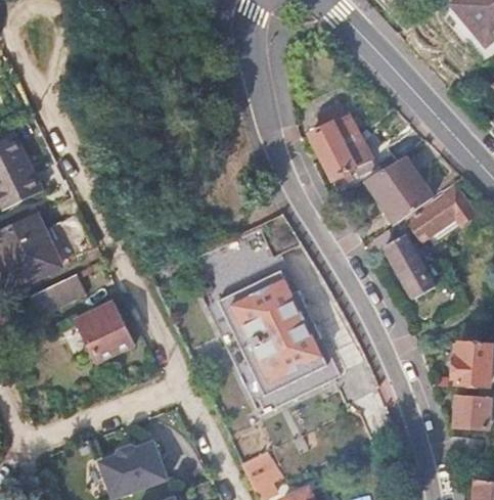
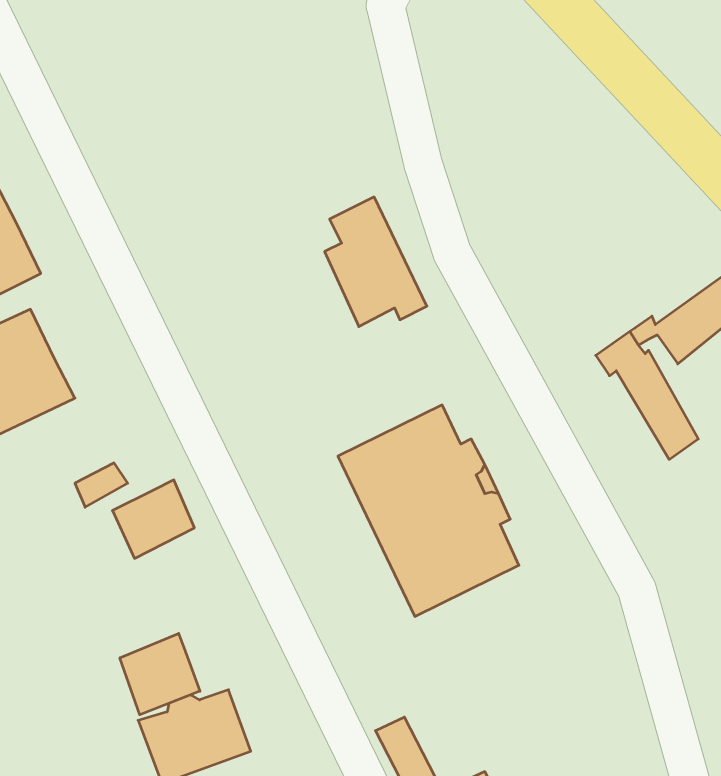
building: [311,102,372,180] -> [325,197,427,327]
building: [367,160,433,224] -> none
building: [30,275,85,313] -> none
building: none -> [120,633,200,715]

